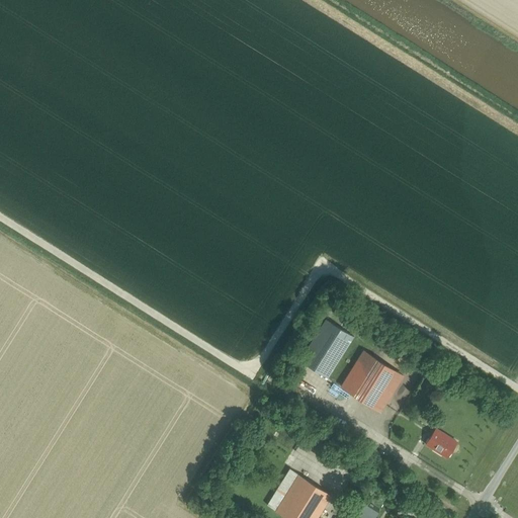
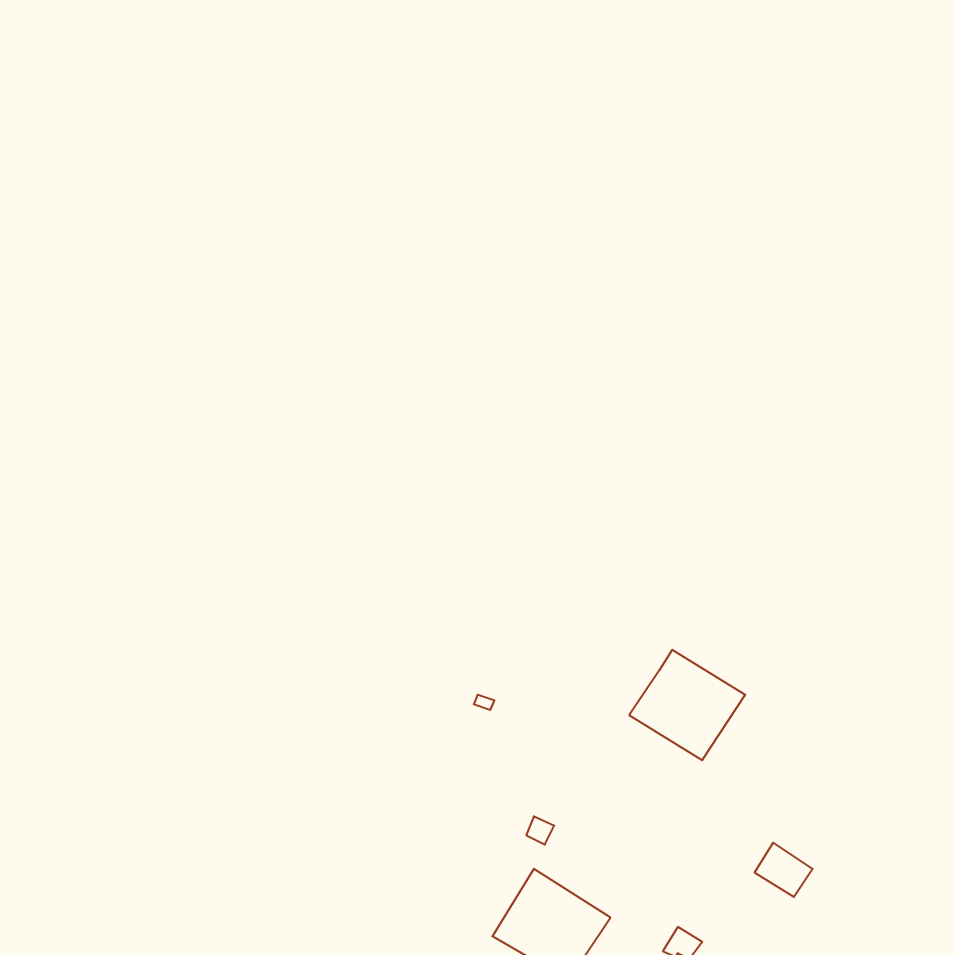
building: [300,320,354,378] -> none
building: [426,429,457,458] -> [755,843,813,897]

